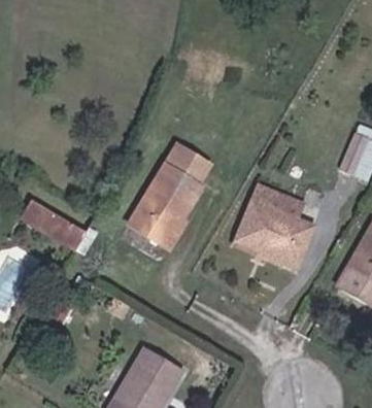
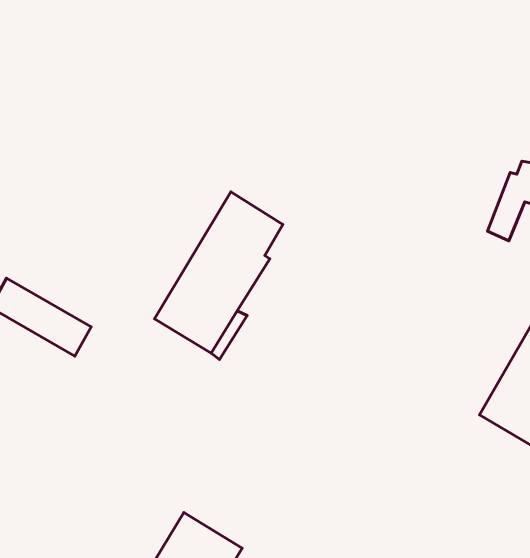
building: [233,186,312,268] -> none

